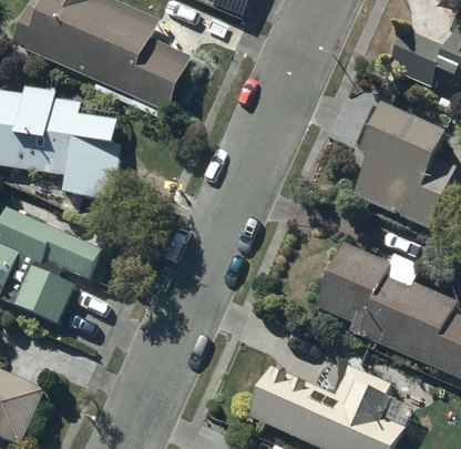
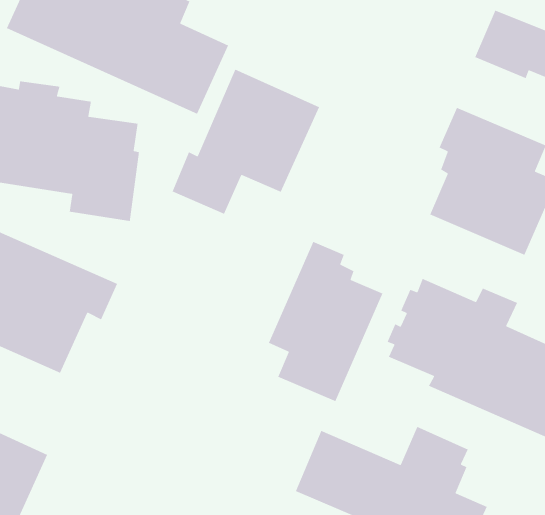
building: none -> [171,69,320,215]
building: none -> [268,241,383,402]

